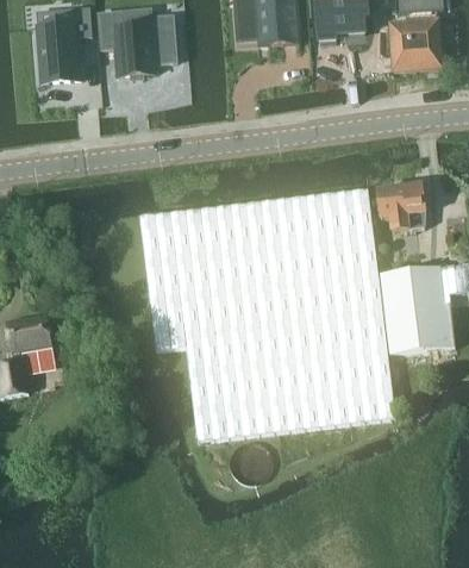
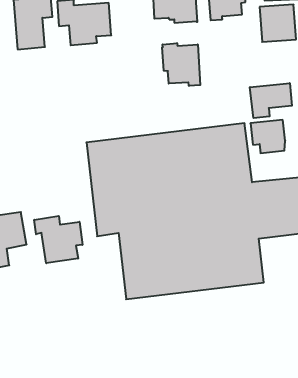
building: none -> [162,43,200,86]
building: none -> [250,83,292,118]
building: none -> [34,216,82,263]

